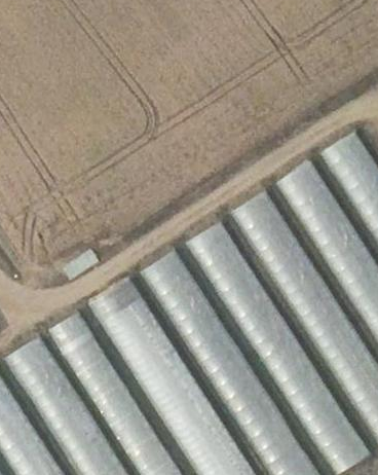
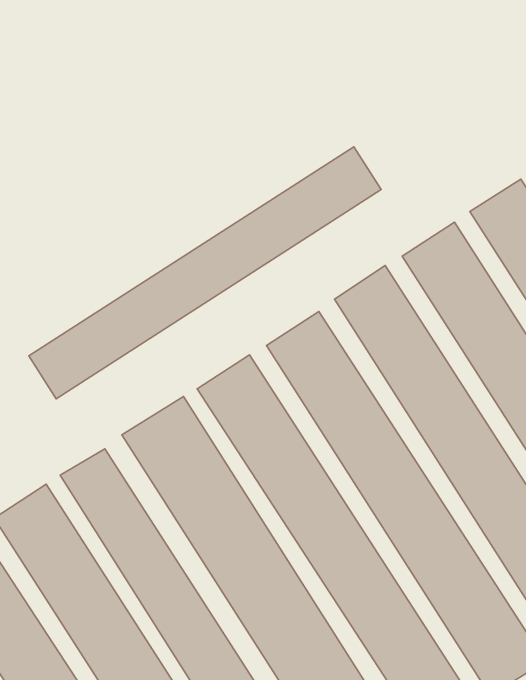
building: none -> [29,147,381,399]

